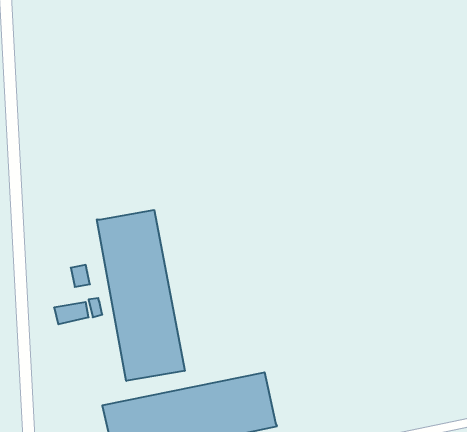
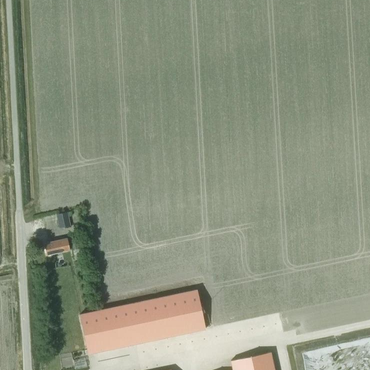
building: [97,210,185,381] -> none

